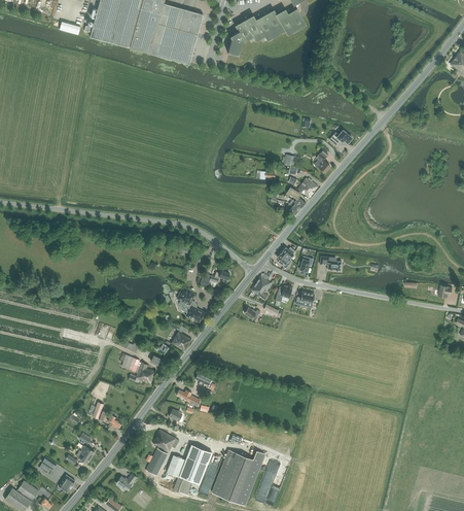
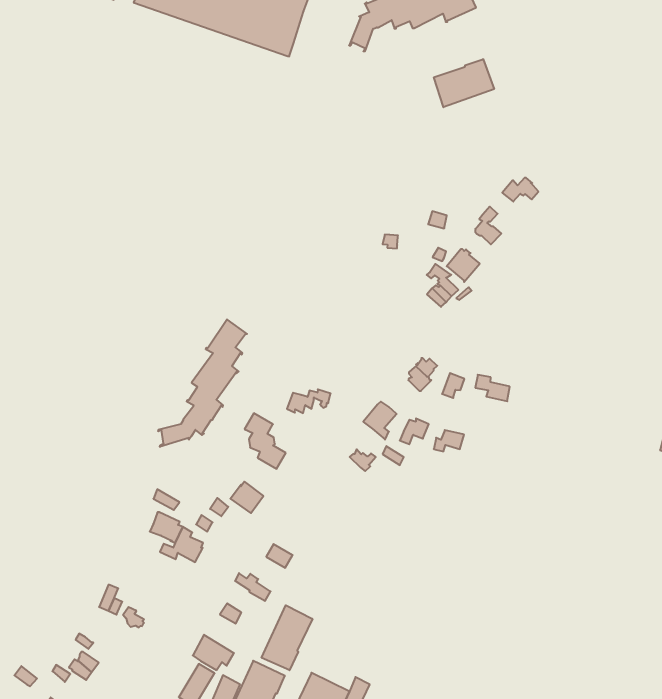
building: none -> [434,59,494,107]
building: none -> [158,319,247,447]
building: none -> [262,605,312,670]

